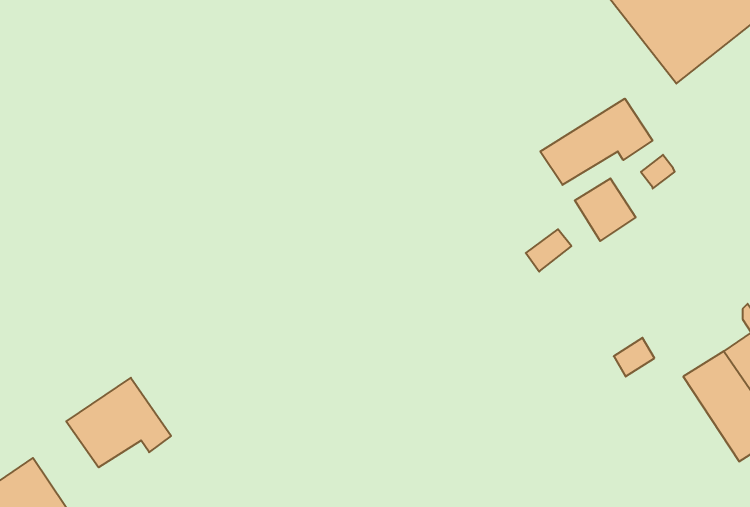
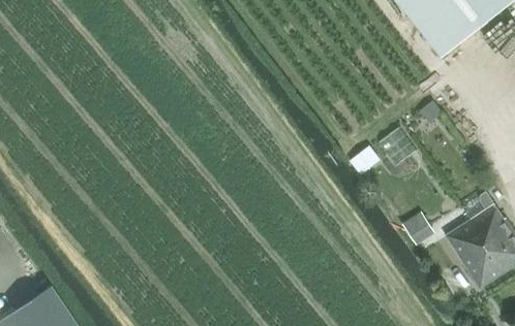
building: [540,99,652,185] -> none
building: [66,378,171,467] -> none

